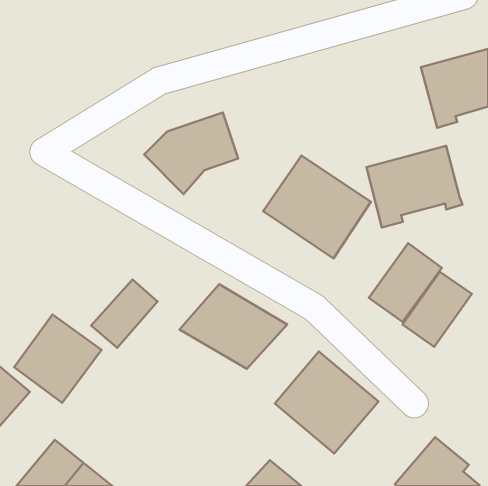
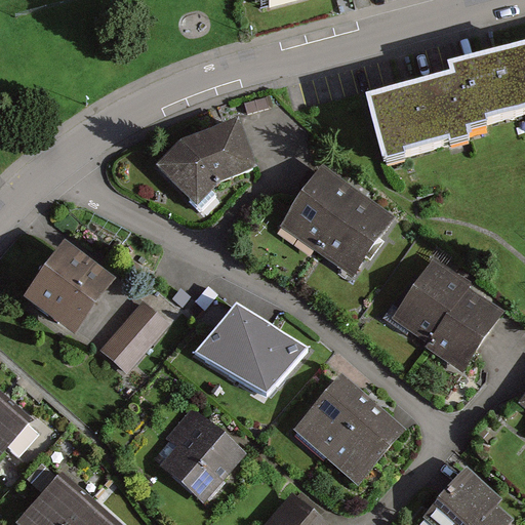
building: [366,146,462,228] -> [367,82,470,169]
building: [14,314,101,403] -> [21,239,114,333]
building: none -> [148,406,242,500]

